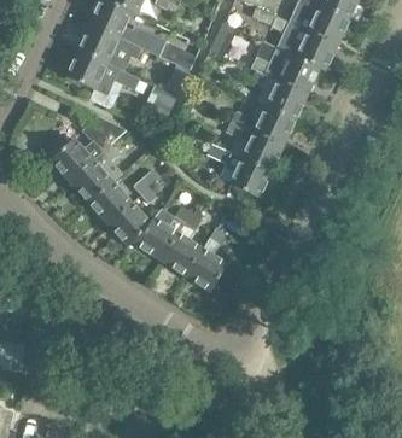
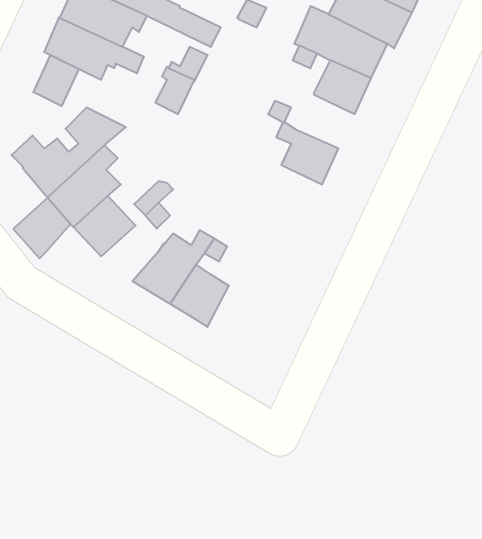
building: none -> [33,55,79,106]
building: [252,105,295,145] -> none
building: [205,142,270,198] -> none
building: [107,202,150,246] -> [13,198,71,258]
building: [186,227,228,292] -> none

